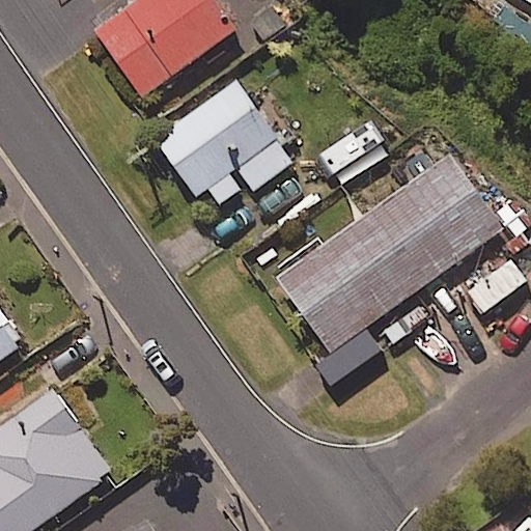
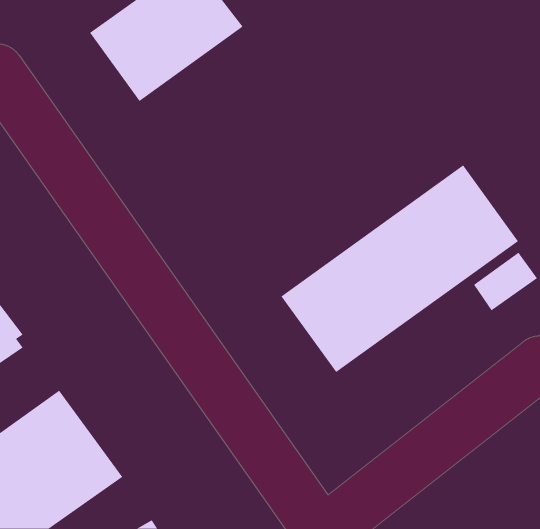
building: [143,75,285,212] -> none

